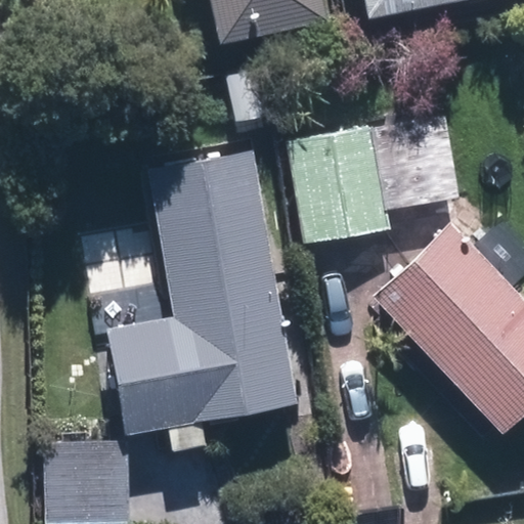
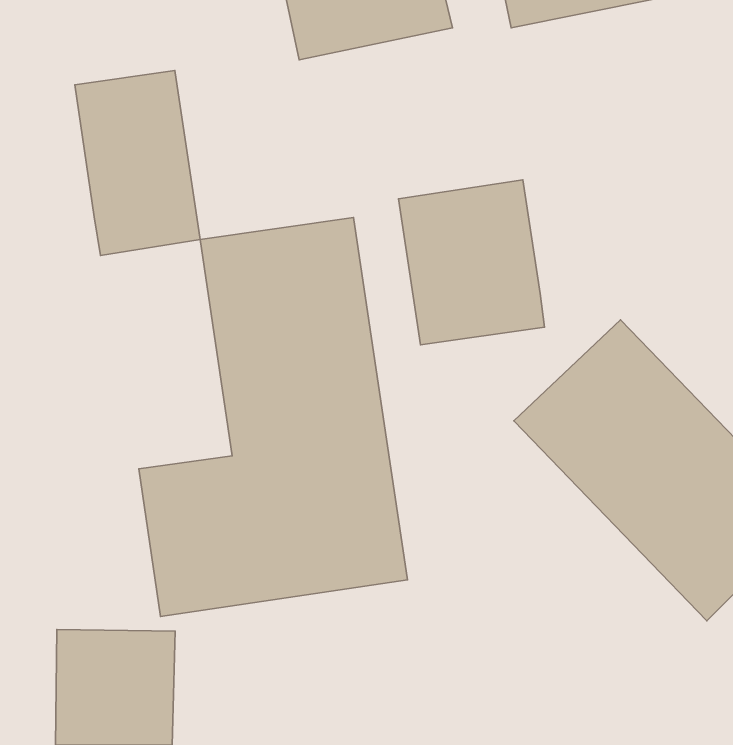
building: none -> [75,71,200,256]
building: [376,115,465,206] -> none

